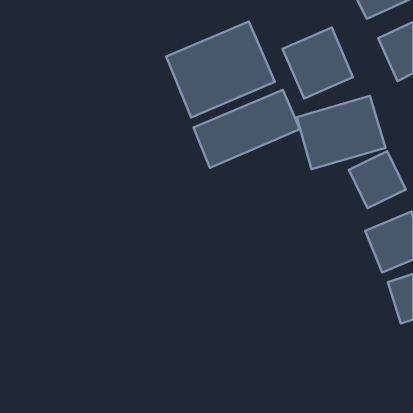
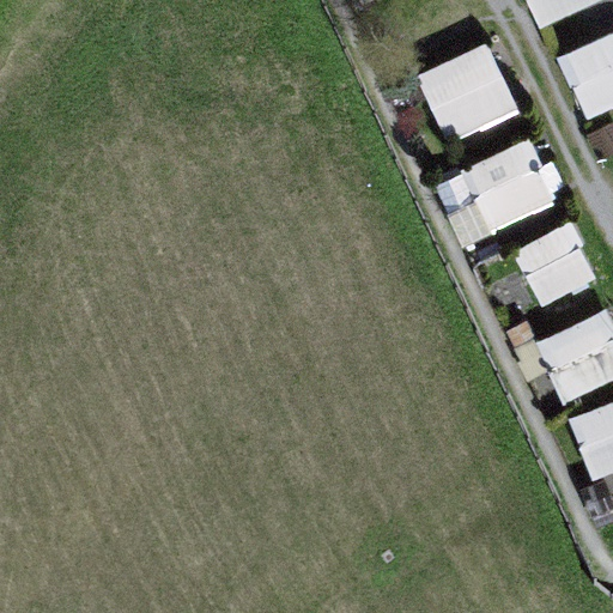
building: [166,22,275,118] -> none
building: [194,90,300,168] -> none

